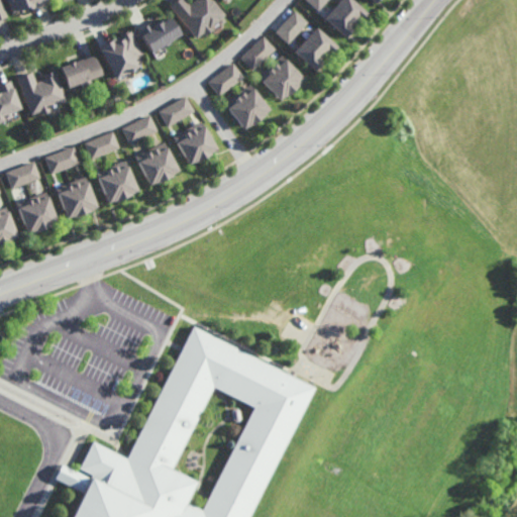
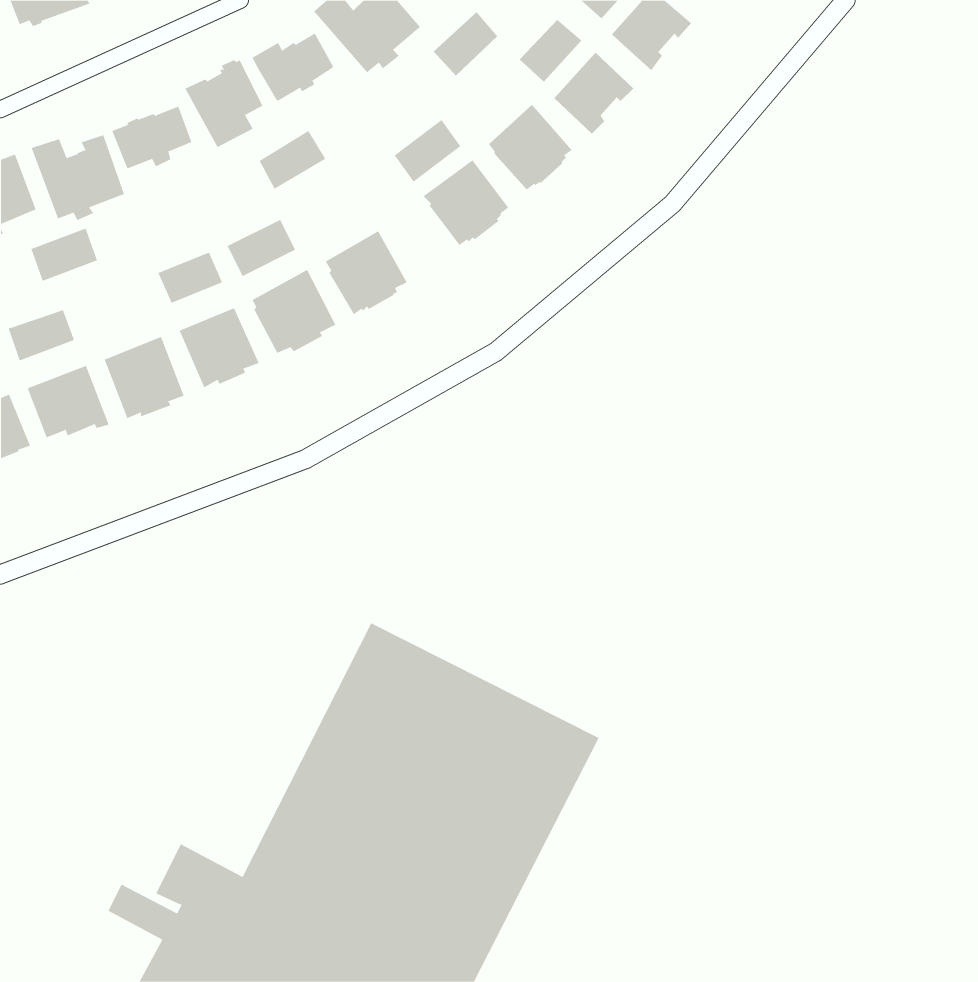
building: [241,35,276,70] -> [433,11,498,76]
building: [159,96,194,127] -> [259,130,326,190]
building: [45,146,81,175] -> [30,228,98,282]

